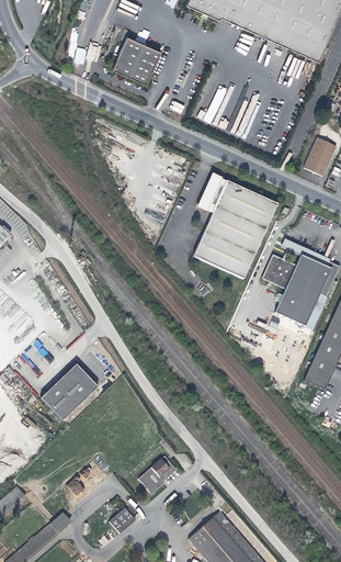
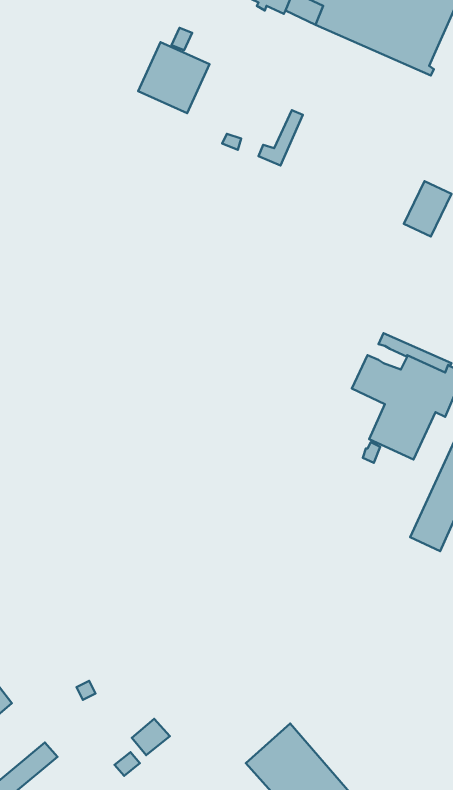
building: [192,176,277,279] -> none
building: [42,363,100,420] -> none
building: [139,456,178,492] -> none

